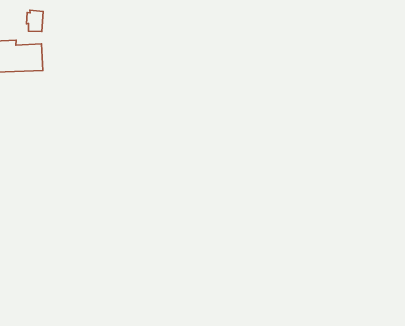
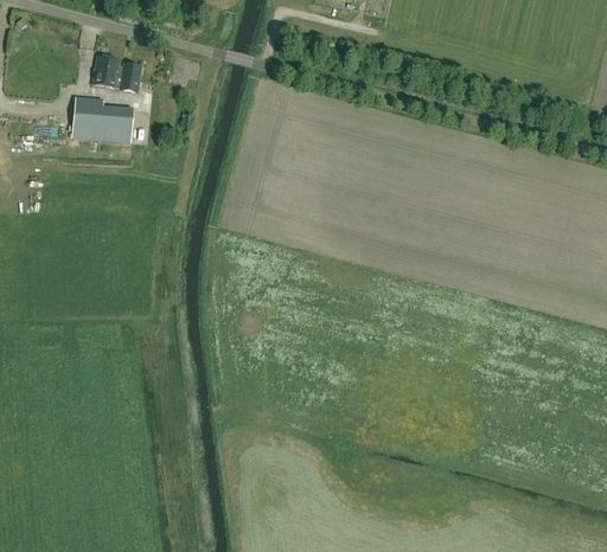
building: none -> [91,57,121,88]

